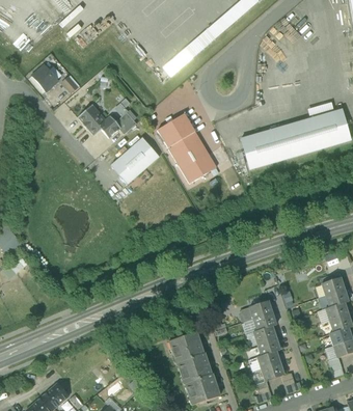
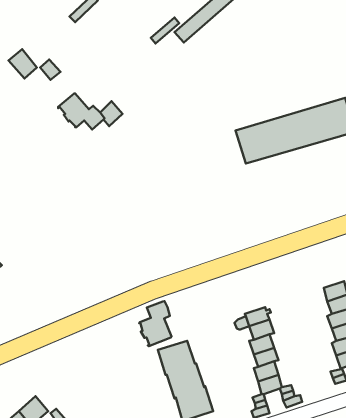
building: [157,113,216,184] -> none
building: [110,138,158,185] -> none
building: none -> [139,301,171,346]

